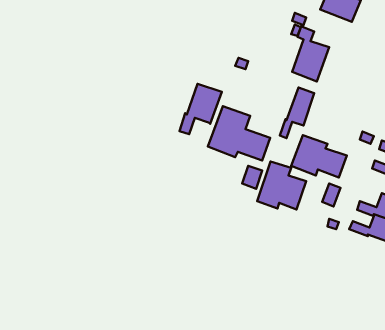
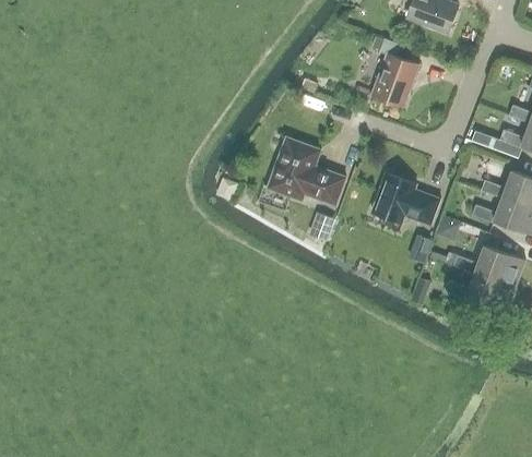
building: [179,84,222,134] -> none
building: [280,88,314,138] -> none
building: [257,161,306,209] -> none

